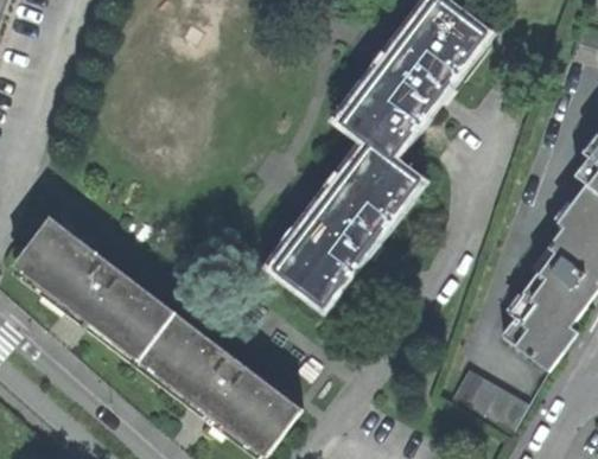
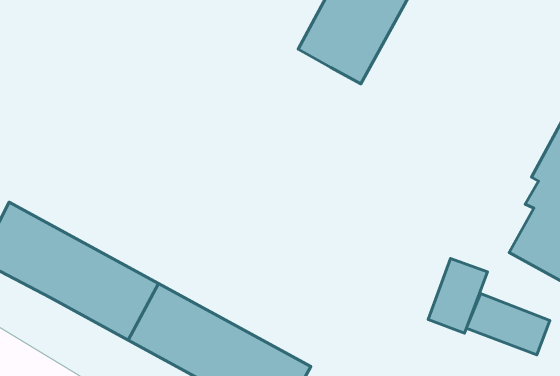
building: [271,141,419,307] -> none
building: none -> [428,259,488,333]

